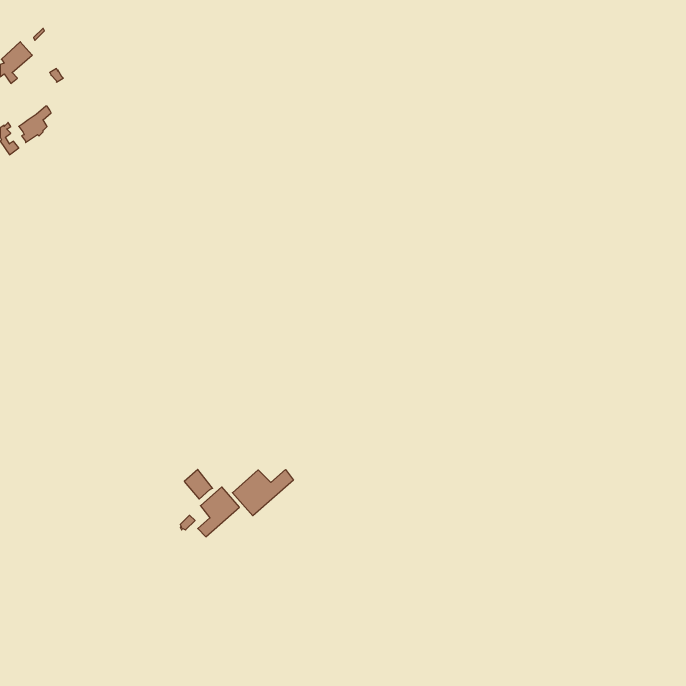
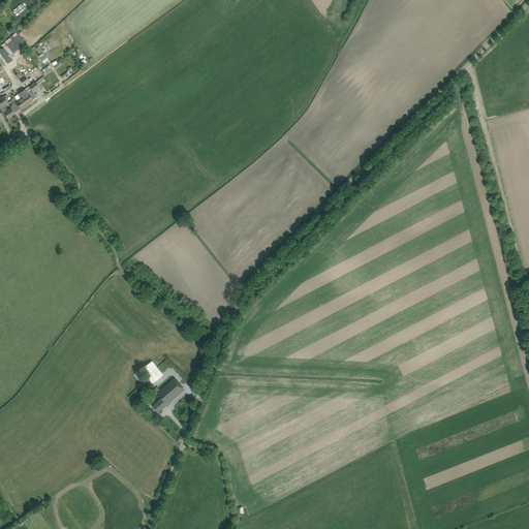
building: [232,470,293,516] -> none

